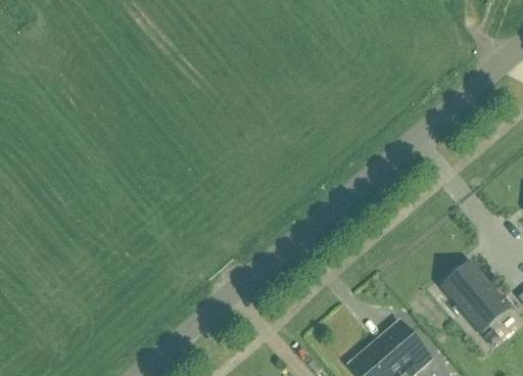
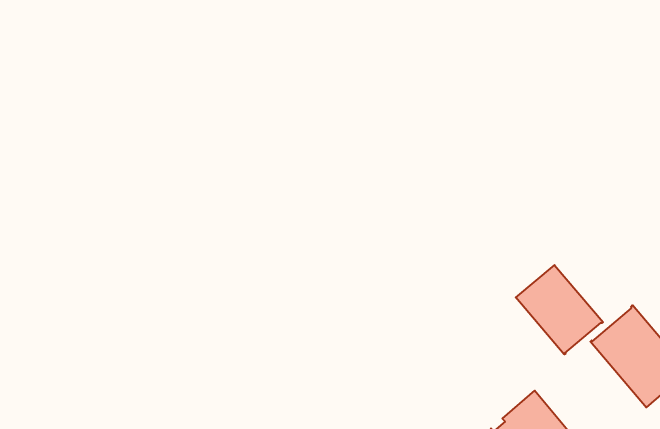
building: none -> [516,265,603,354]

